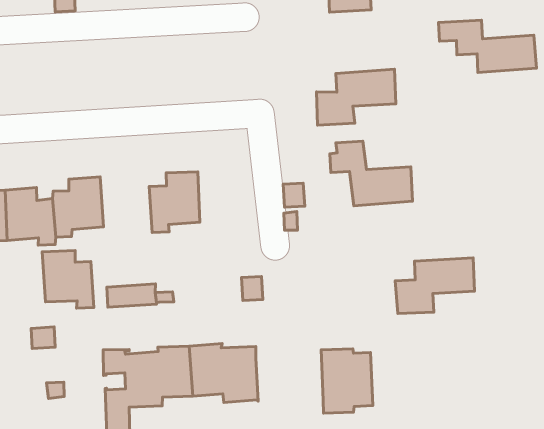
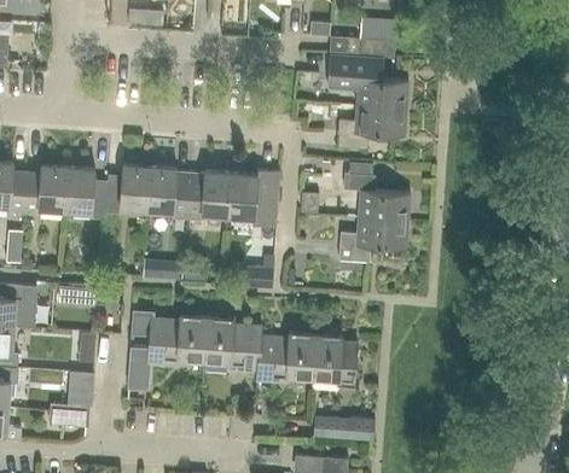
building: [438,20,537,73] -> [327,59,407,107]
building: none -> [227,173,271,224]
building: [42,250,94,308] -> [146,167,188,218]
building: [395,258,474,314] -> [338,217,407,262]
building: none -> [256,333,315,381]

